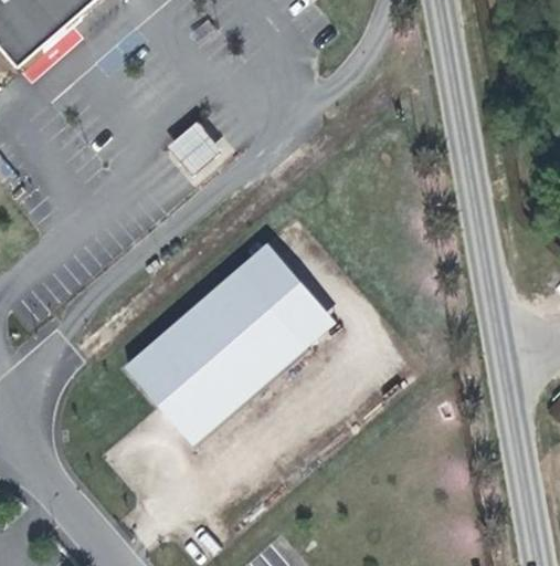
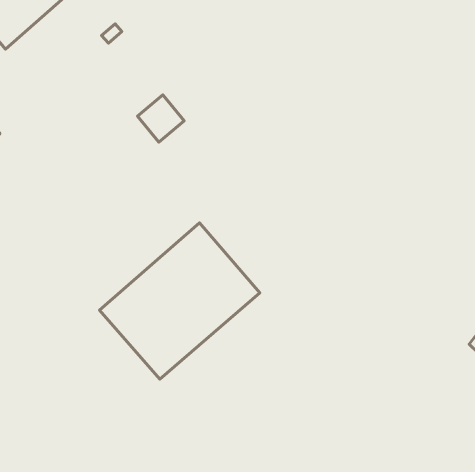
building: [239,242,334,346] -> none

